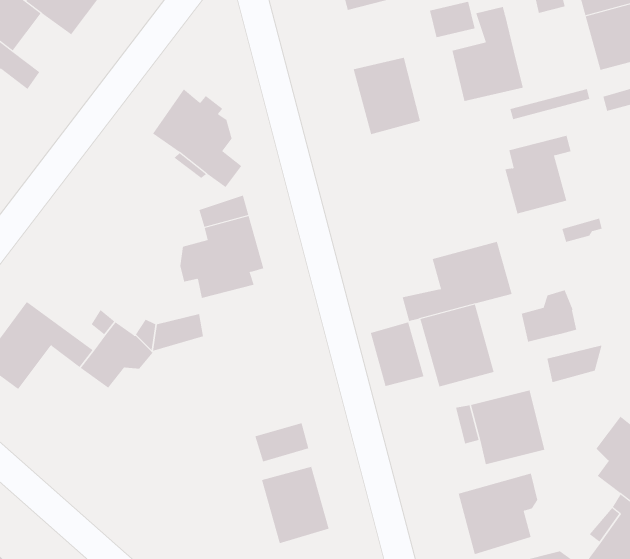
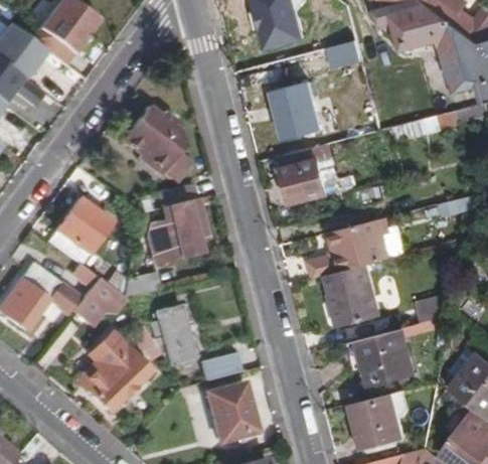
building: [452,6,524,102] -> none
building: [504,135,571,214] -> [284,145,333,203]
building: none -> [48,200,112,266]
building: [521,289,577,343] -> none
building: [370,322,424,387] -> none
building: none -> [152,308,196,368]
building: none -> [82,334,151,414]

